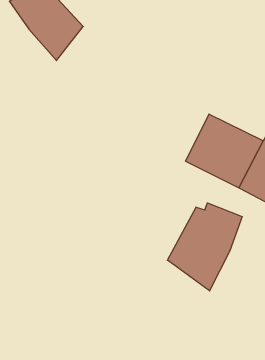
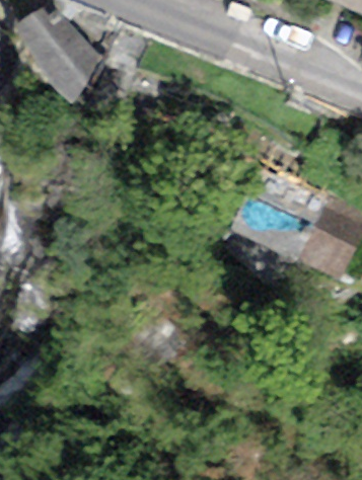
building: [167,203,242,291] -> none

